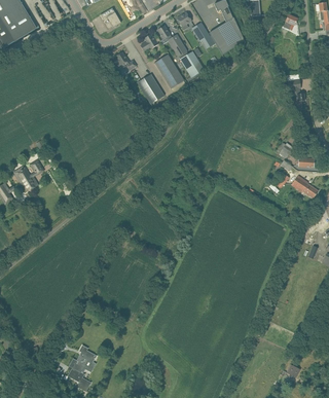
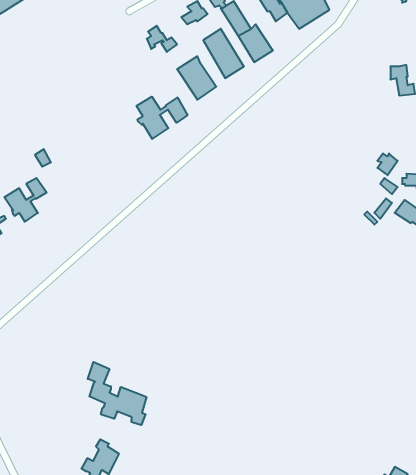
building: none -> [137,97,187,139]
building: none -> [88,362,146,425]

